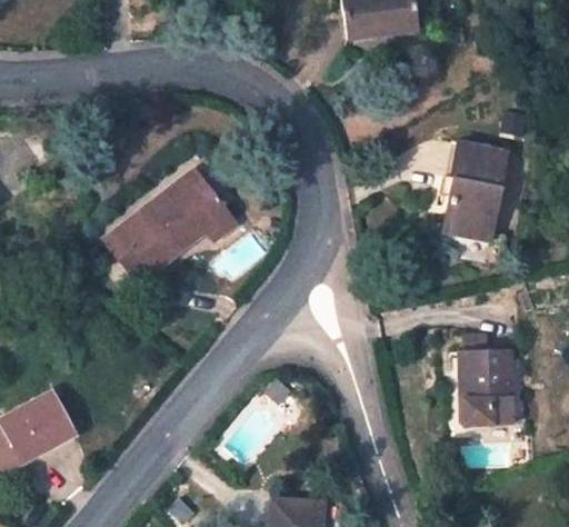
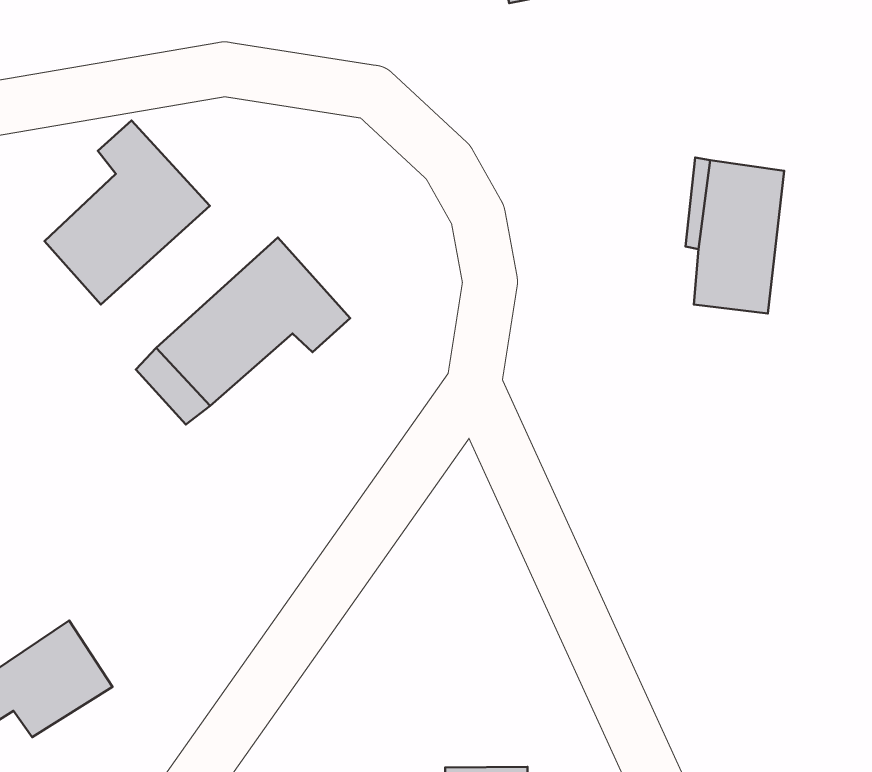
building: none -> [44,120,210,305]
building: [461,351,510,425] -> none

